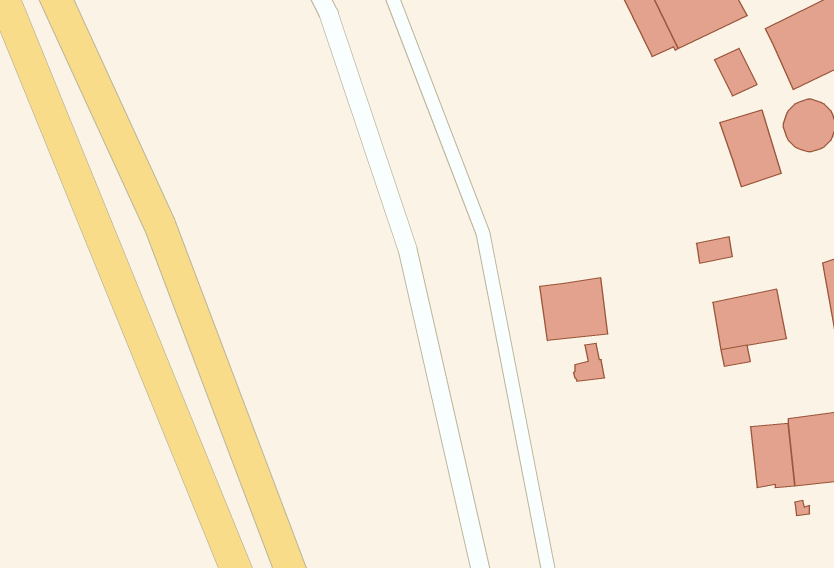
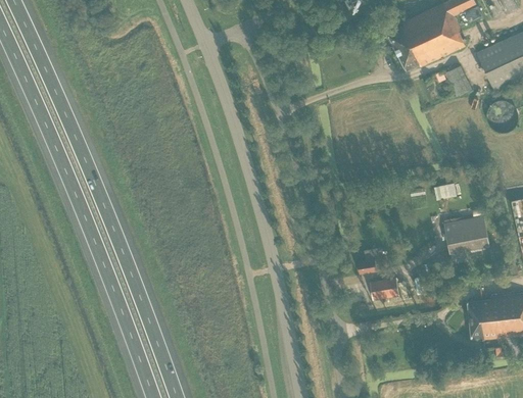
building: [720,110,781,187] -> none
building: [540,278,607,341] -> none
building: none -> [370,278,399,301]

